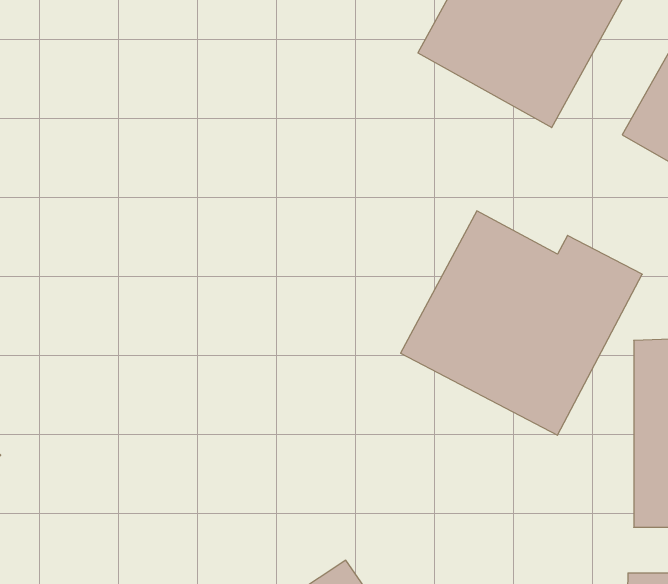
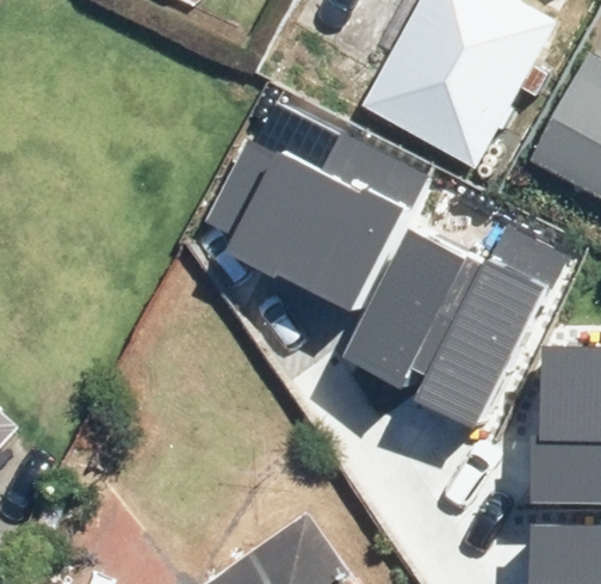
building: none -> [210,139,413,291]

